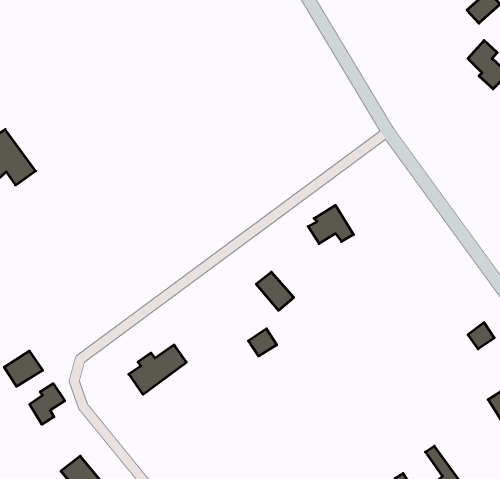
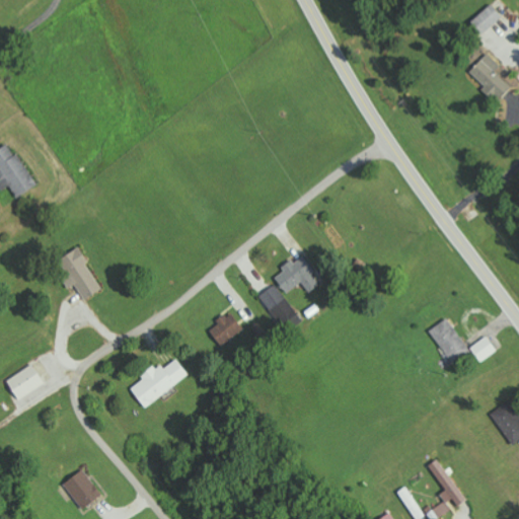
building: [308,205,354,244] -> [274,255,319,294]
building: none -> [57,247,101,300]
building: none -> [430,317,467,363]
building: [248,329,277,356] -> [214,313,242,341]
building: [30,384,65,424] -> none

